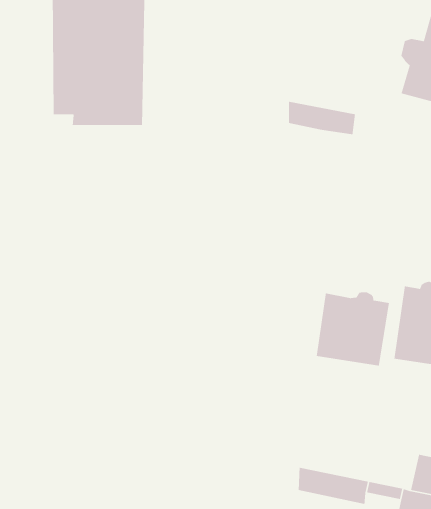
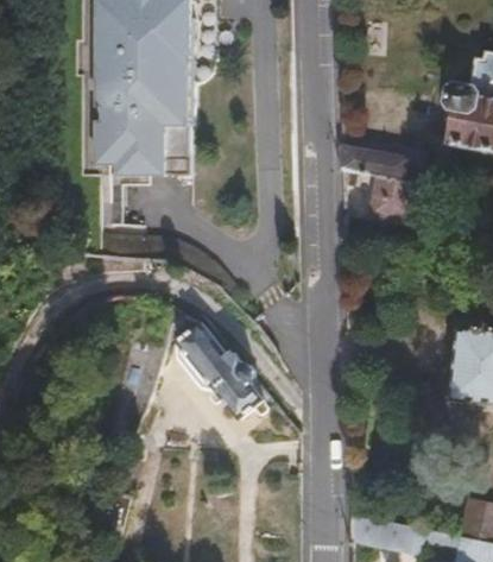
building: none -> [362,175,409,222]
building: none -> [175,322,258,417]
building: [316,291,390,366] -> none

